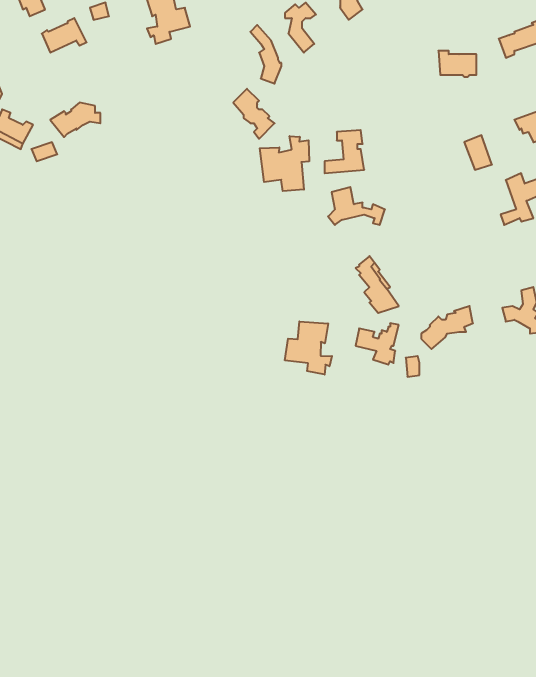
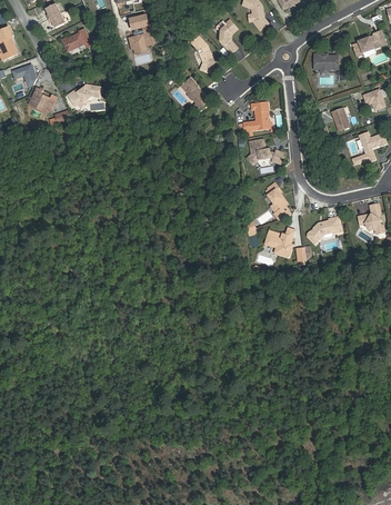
building: [260,136,309,191] -> none
building: [285,321,332,375] -> none

